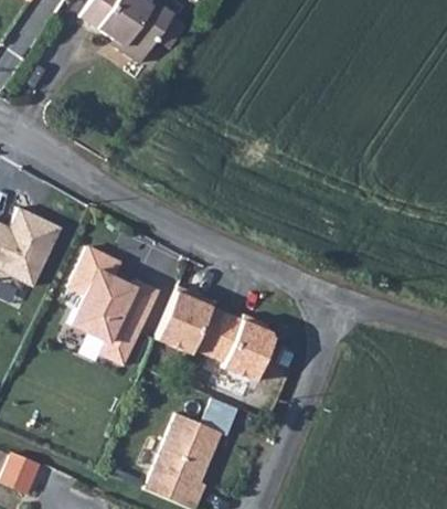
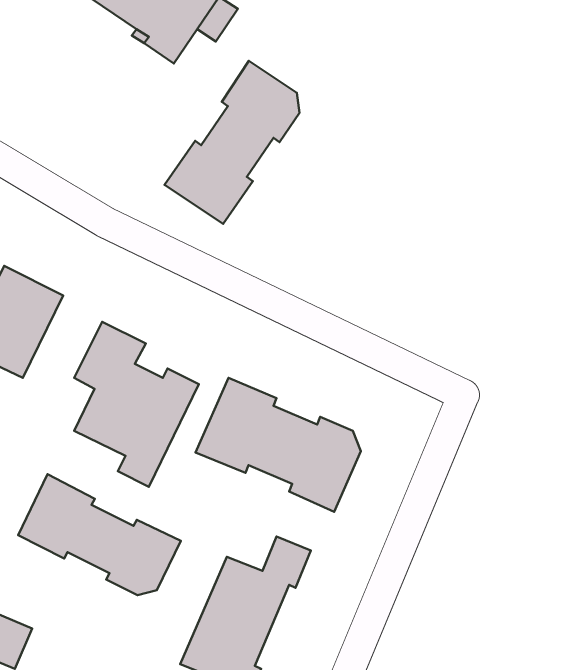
building: none -> [164,61,299,224]
building: none -> [18,474,181,595]

